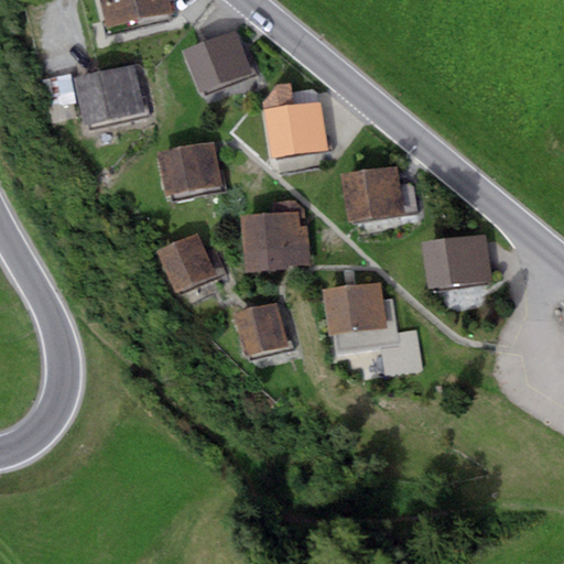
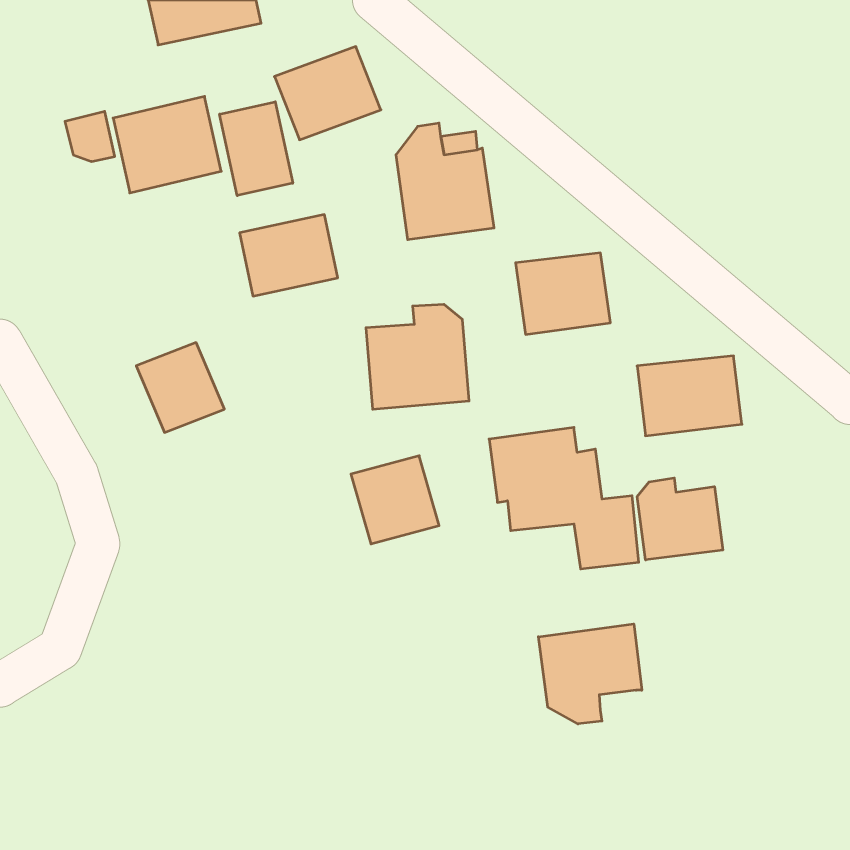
building: none -> [220,102,293,196]
building: [156,236,215,295] -> [136,343,224,432]
building: none -> [637,478,723,560]
building: none -> [538,624,642,724]

